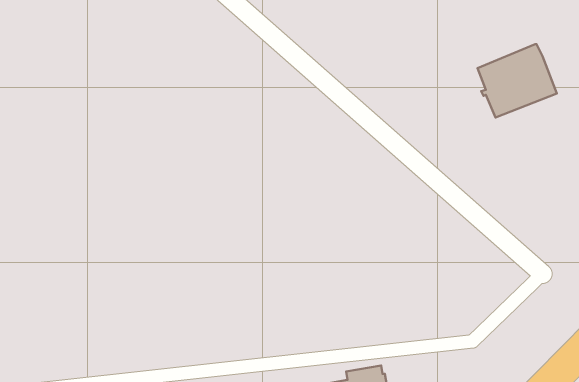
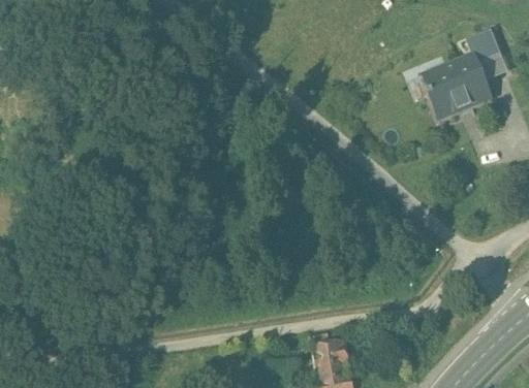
building: none -> [471,40,503,71]

